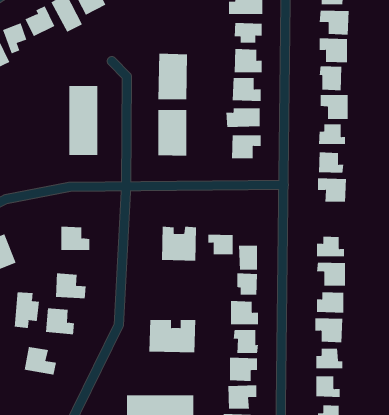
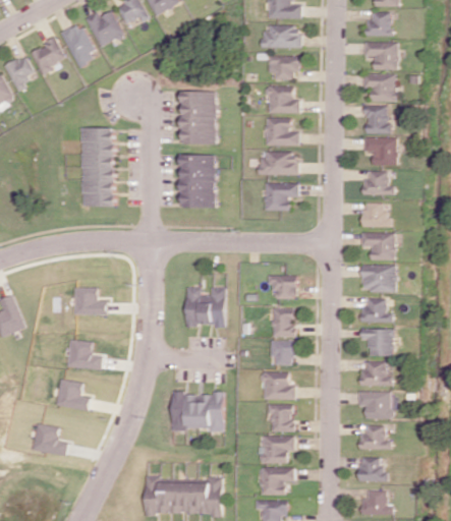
building: none -> [362,265,398,291]
building: [208,234,234,255] -> [268,275,297,298]
building: [14,292,39,329] -> none

